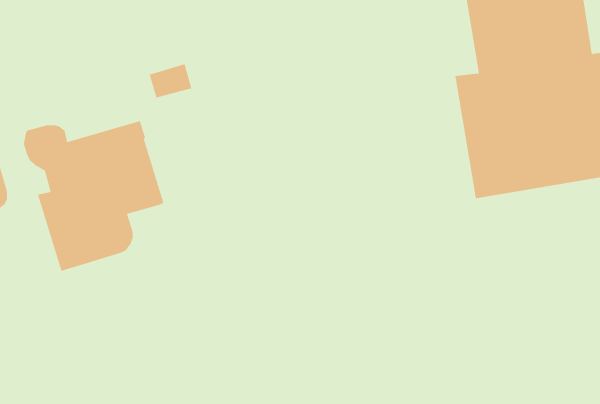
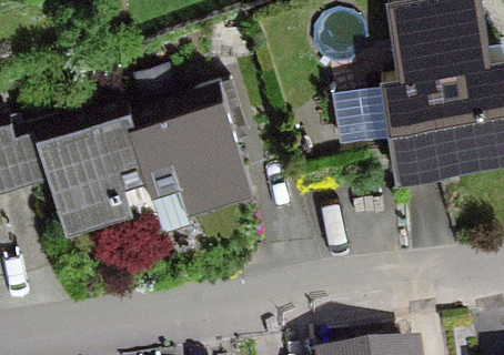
building: none -> [132,81,249,209]

